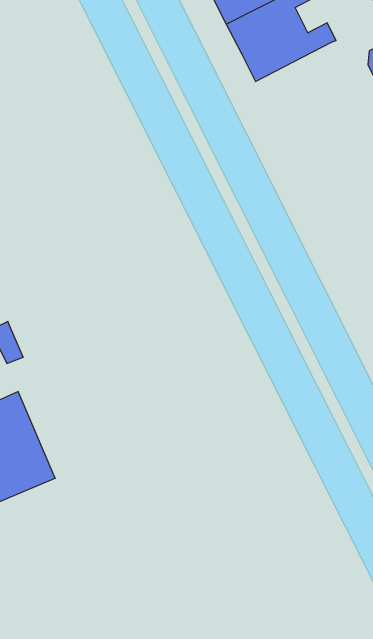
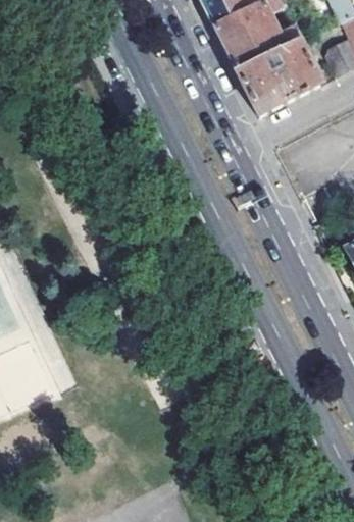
building: none -> [237,38,320,114]

